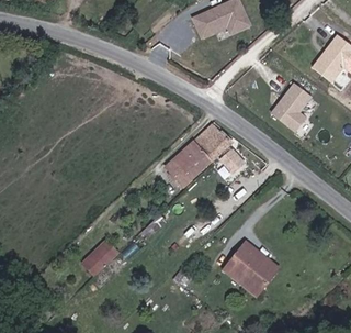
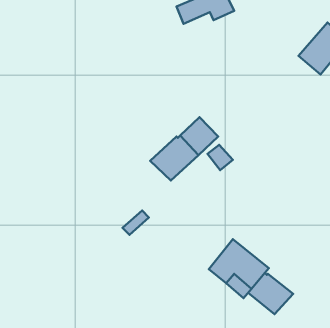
building: [268,81,310,132] -> none
building: [83,240,121,276] -> none
building: none -> [248,273,293,314]

